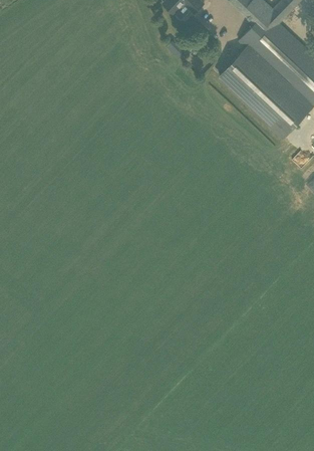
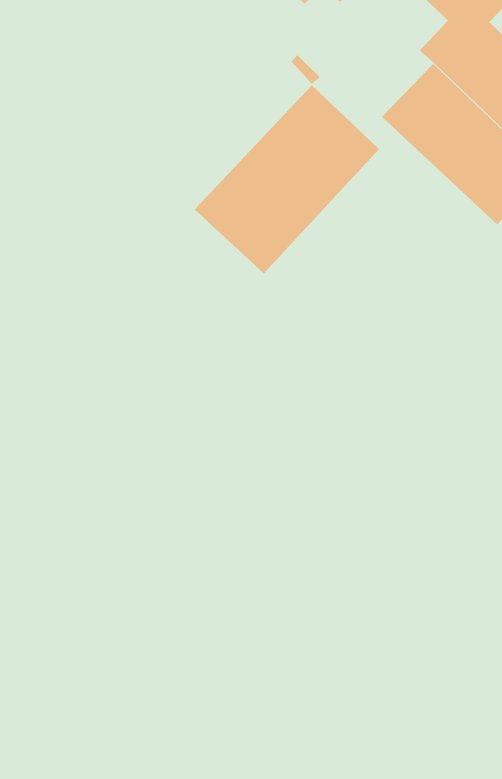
building: none -> [194,85,380,274]

